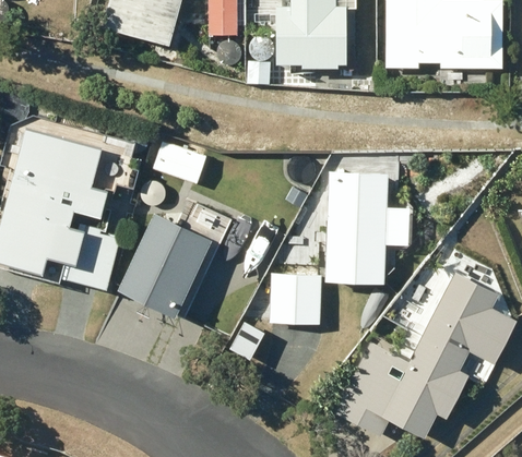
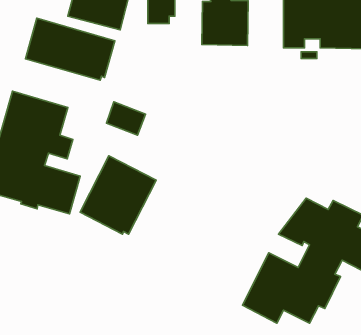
building: none -> [25,18,115,80]
building: [325,172,387,284] -> none
building: [269,275,320,324] -> none

